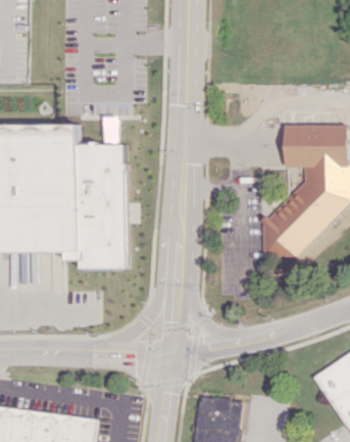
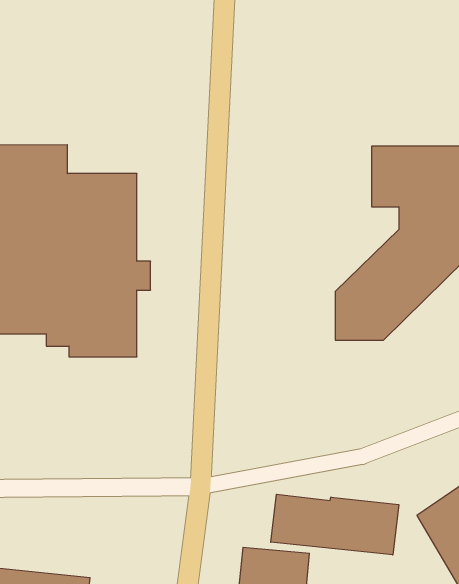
building: none -> [271,494,399,555]

